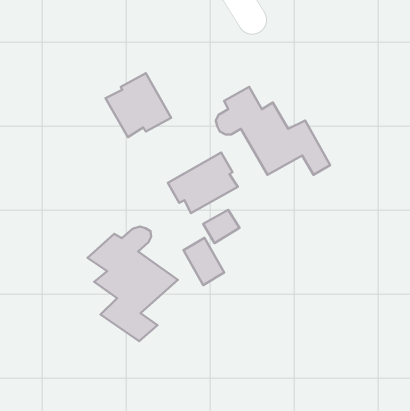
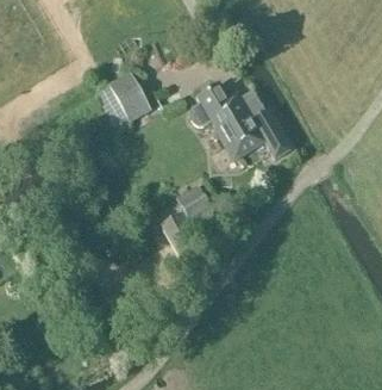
building: [168,152,238,213] -> none
building: [88,226,178,341] -> none

